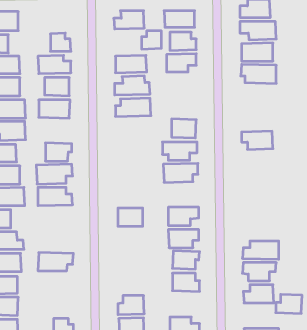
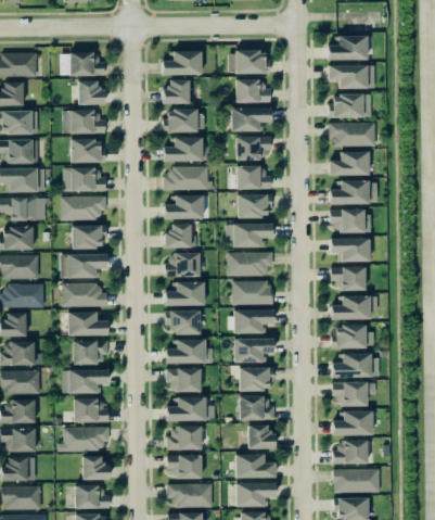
building: none -> [69,52,104,76]
building: [142,31,161,49] -> [163,80,189,104]
building: none -> [235,137,270,161]
building: none -> [329,151,369,176]
building: none -> [236,166,271,189]
building: none -> [330,180,378,204]
building: none -> [61,195,106,220]
building: none -> [164,195,204,219]
building: none -> [164,224,197,248]
building: none -> [330,238,370,262]
building: none -> [165,253,200,277]
building: none -> [331,267,366,291]
building: none -> [232,280,271,305]
building: none -> [165,281,205,306]
building: none -> [331,296,378,319]
building: none -> [67,312,107,335]
building: none -> [332,325,374,348]
building: none -> [72,340,107,365]
building: none -> [166,340,213,364]
building: none -> [167,368,201,392]
building: none -> [74,397,108,422]
building: none -> [166,397,215,421]
building: [276,294,302,313] -> [333,440,368,465]
building: none -> [247,424,274,449]
building: none -> [57,427,108,452]

